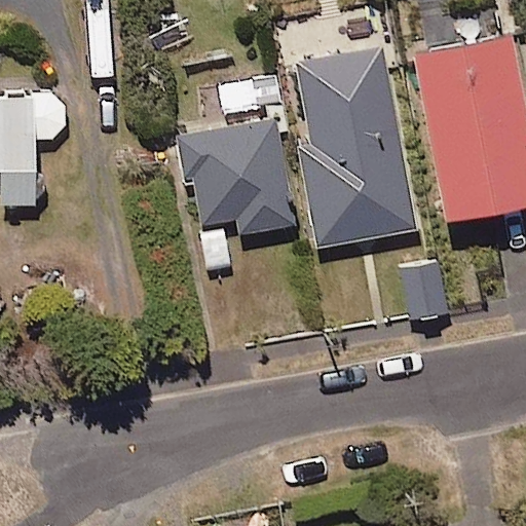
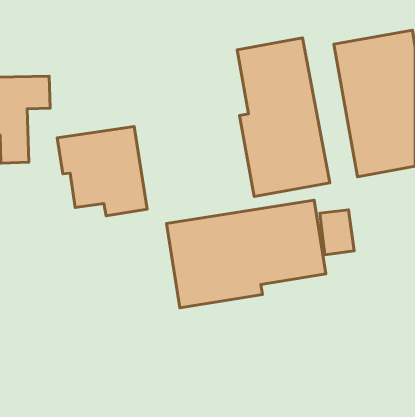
building: [178,121,291,233] -> [57,126,147,216]
building: none -> [167,200,326,308]

